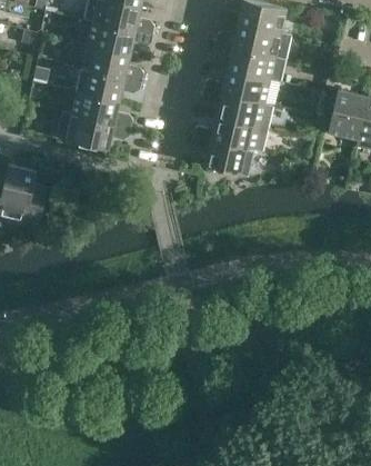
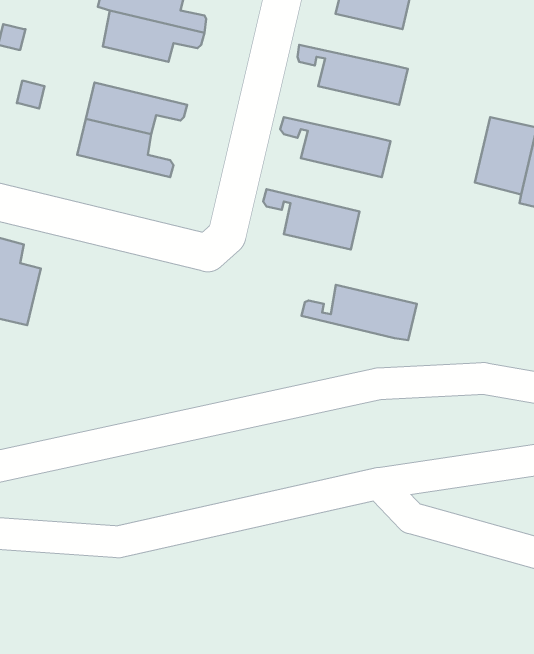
building: [214,22,290,58] -> none
building: [82,43,144,81] -> none
building: [204,69,270,102] -> none
building: [57,111,131,148] -> none
building: [193,116,268,151] -> [302,285,417,340]

